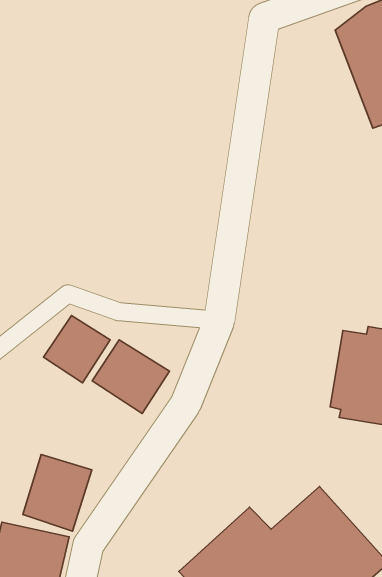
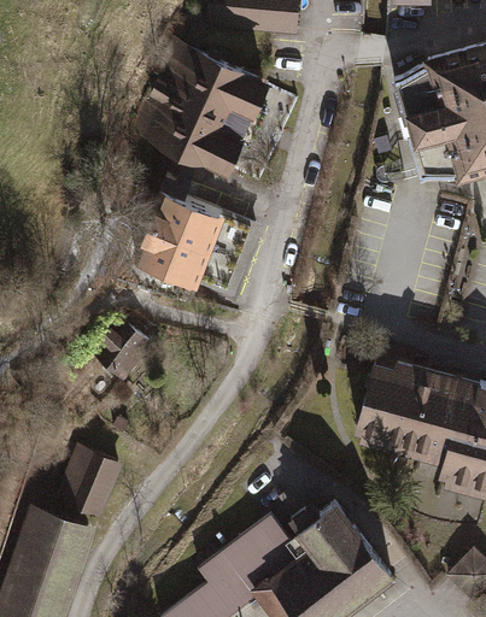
building: none -> [133,37,268,172]
building: none -> [131,186,222,282]
building: [92,340,169,414] -> none

